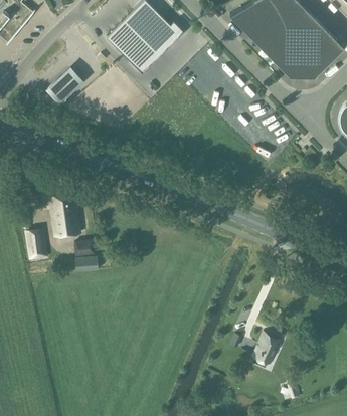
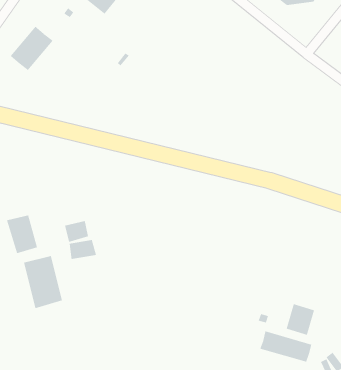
building: [49,195,79,239] -> [23,256,63,309]
building: none -> [260,331,312,363]

